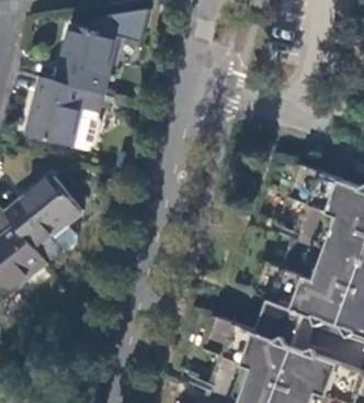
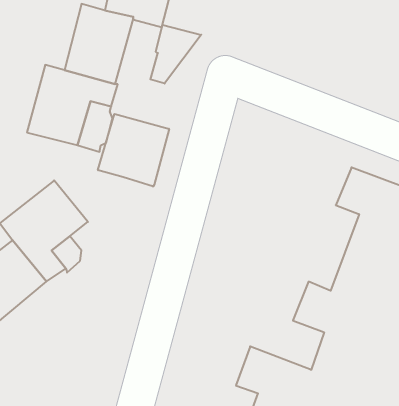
building: none -> [150,25,201,84]
building: none -> [98,114,169,187]

